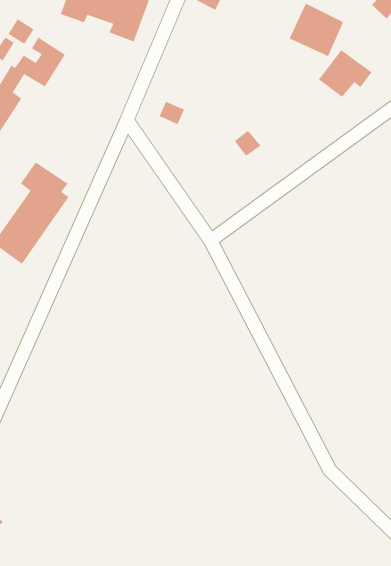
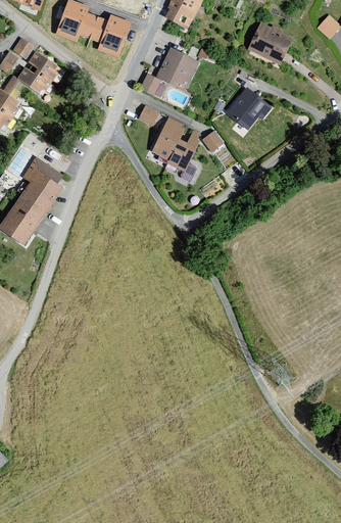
building: none -> [140,47,200,96]
building: [318,49,373,98] -> [228,88,274,129]
building: none -> [152,115,200,171]

